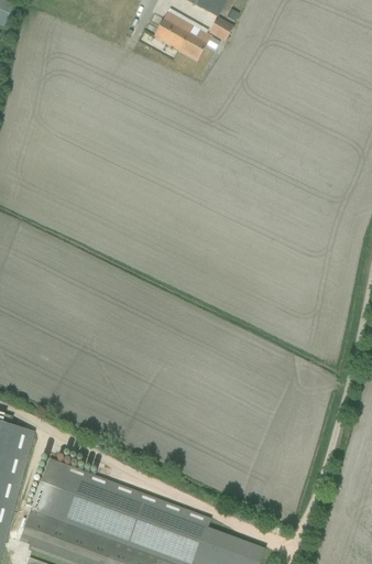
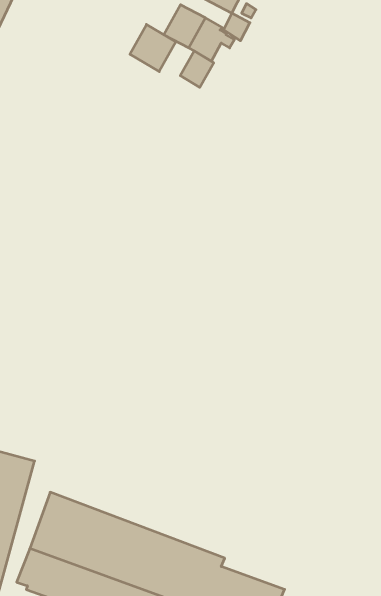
building: none -> [130,24,176,72]
building: none -> [180,51,214,87]

